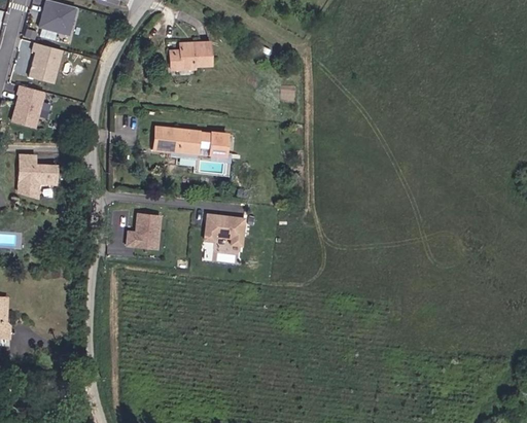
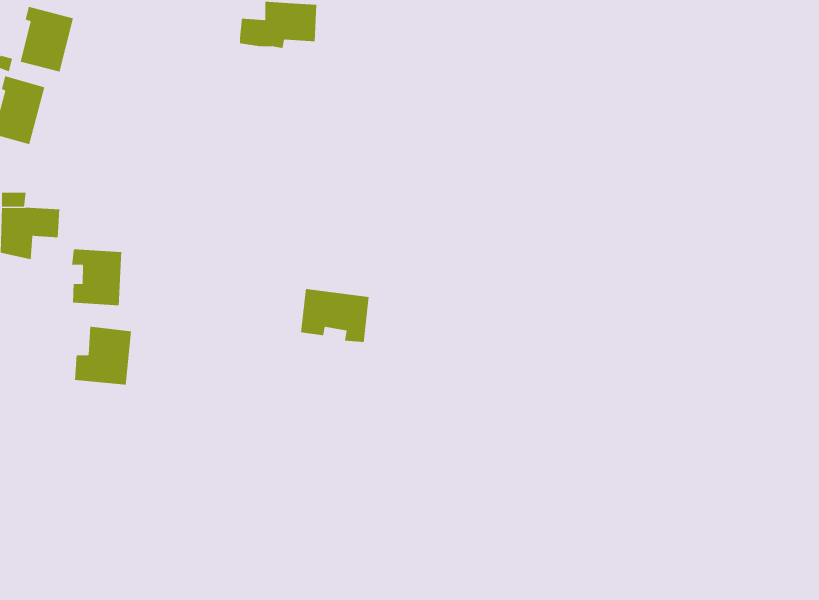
building: [151,124,227,161] -> none
building: none -> [71,248,122,306]
building: [126,213,161,249] -> [74,326,132,385]

